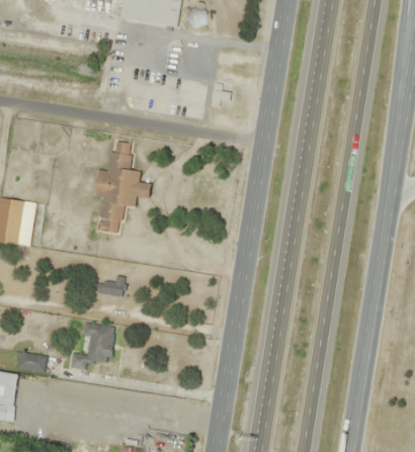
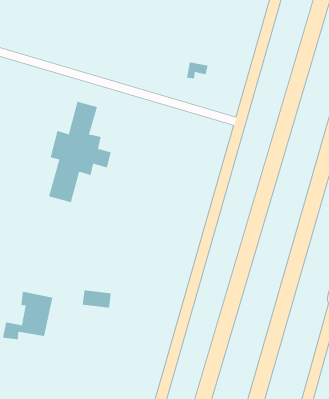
building: [97,280,123,294] -> [82,290,112,308]

